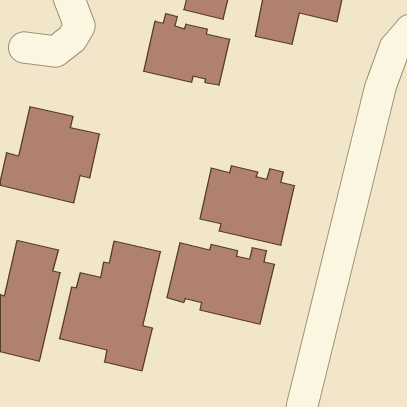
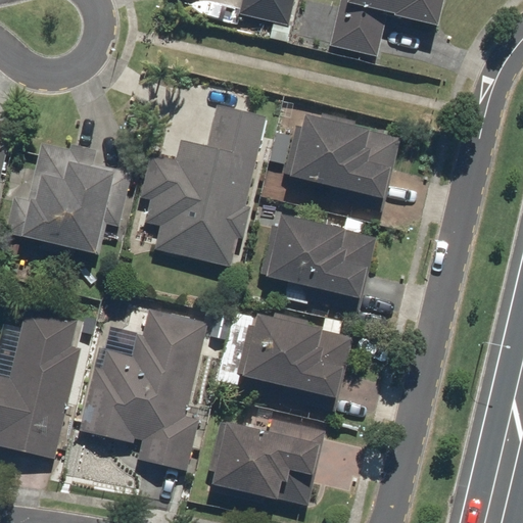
building: [144,14,230,85] -> none
building: none -> [139,103,266,267]
building: none -> [284,110,400,210]
building: none -> [204,417,326,506]

